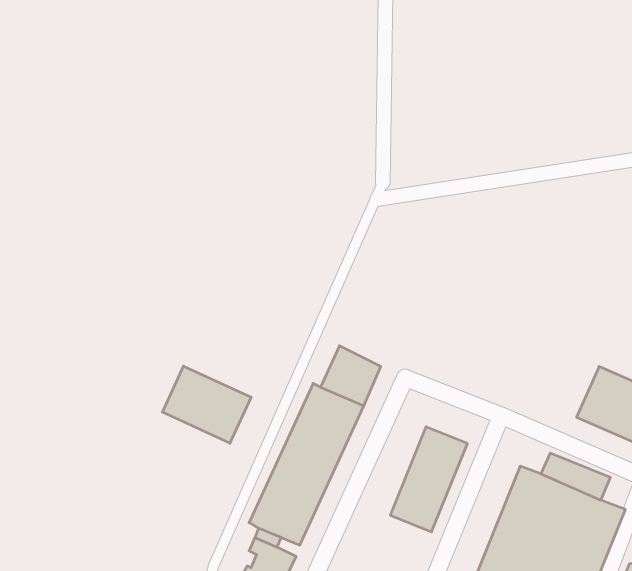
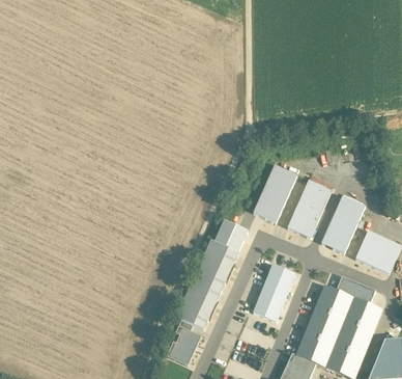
building: none -> [253,165,296,222]
building: none -> [288,181,332,238]
building: none -> [321,196,365,253]
building: [162,366,251,443] -> none

